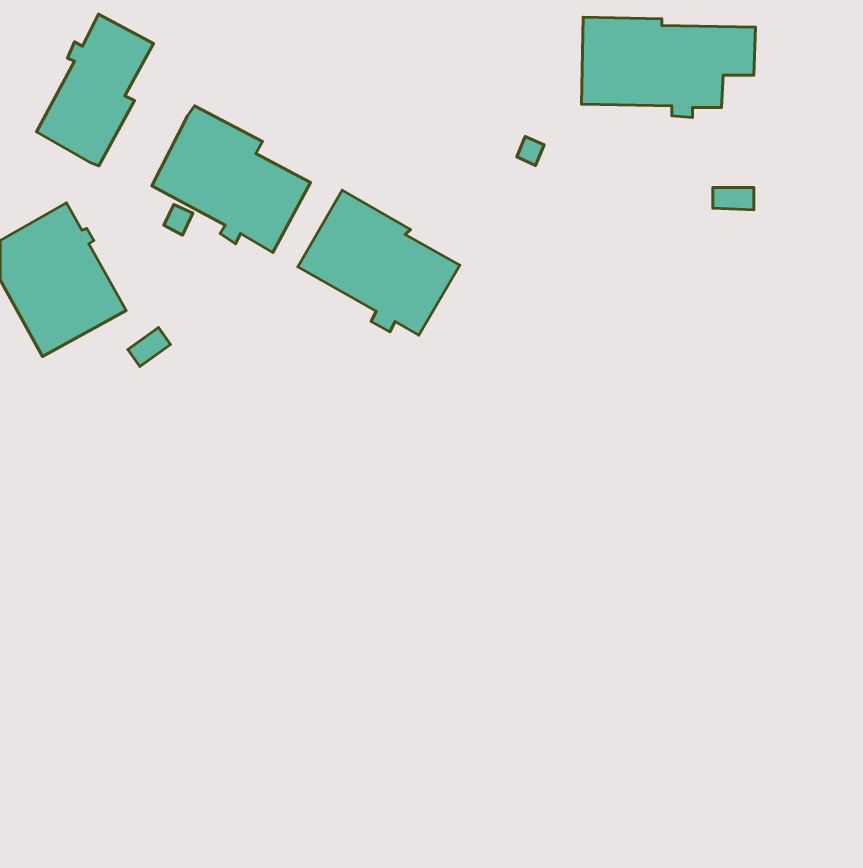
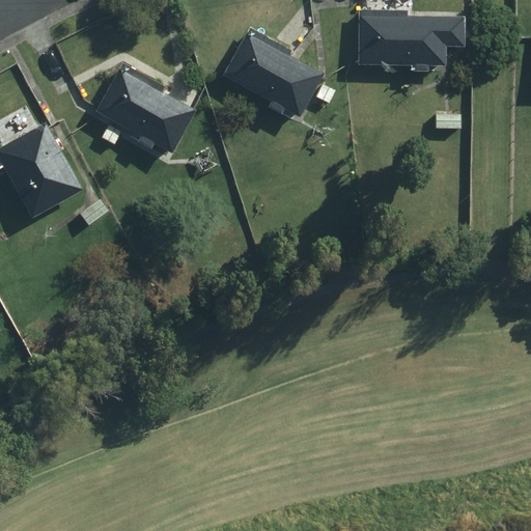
building: [36,14,153,166] -> none
building: [298,190,460,335] -> [224,28,323,116]

